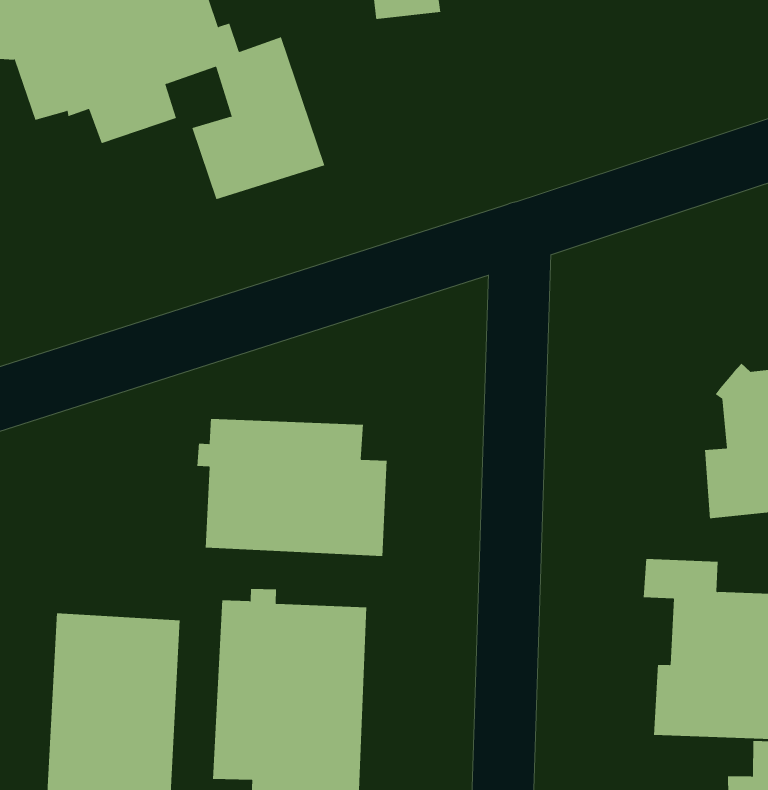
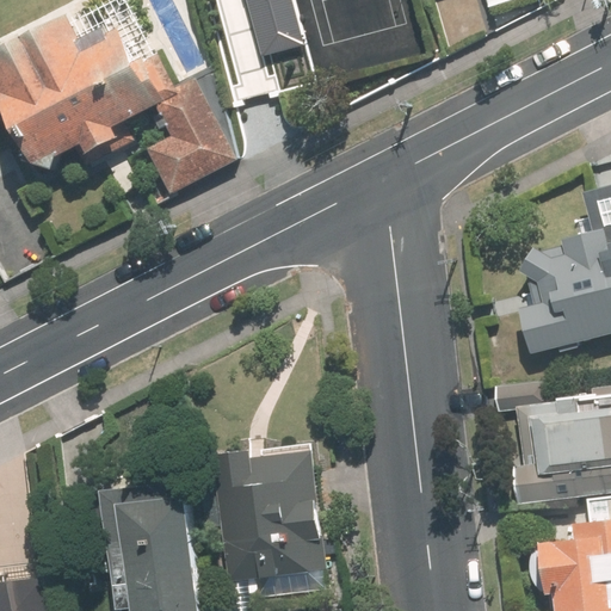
building: [197,418,387,557] -> none

